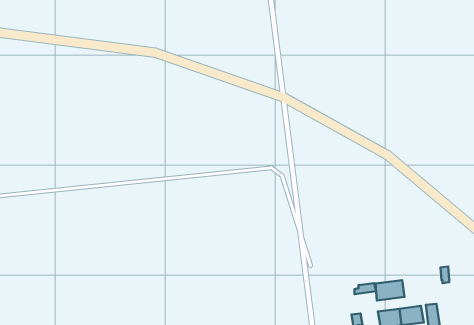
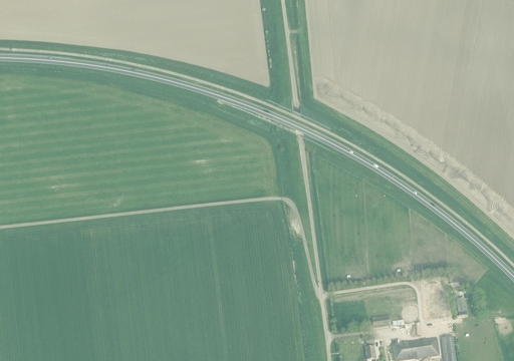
building: [375,280,405,301] -> none

